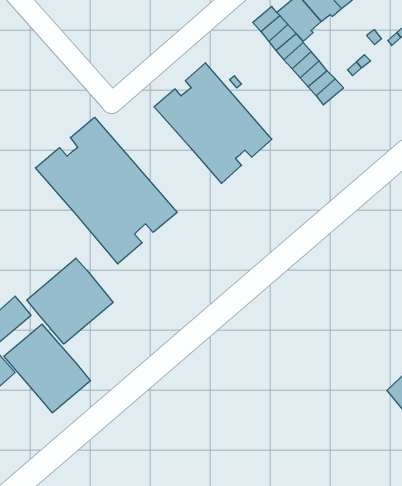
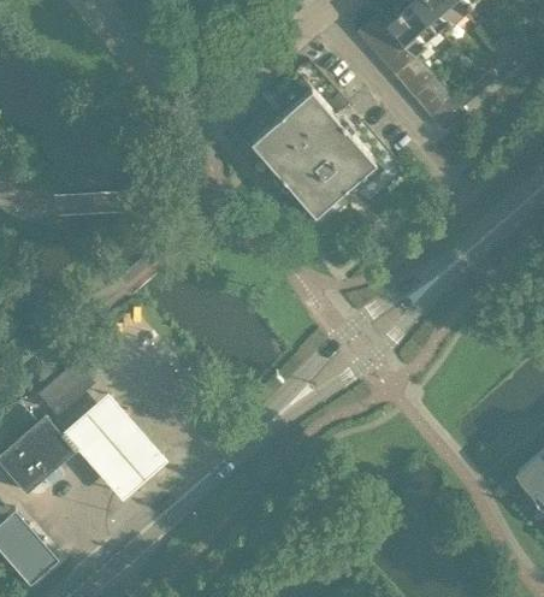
building: [35,117,177,264] -> none
building: [27,258,113,344] -> none

